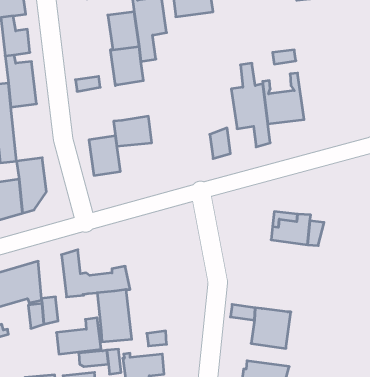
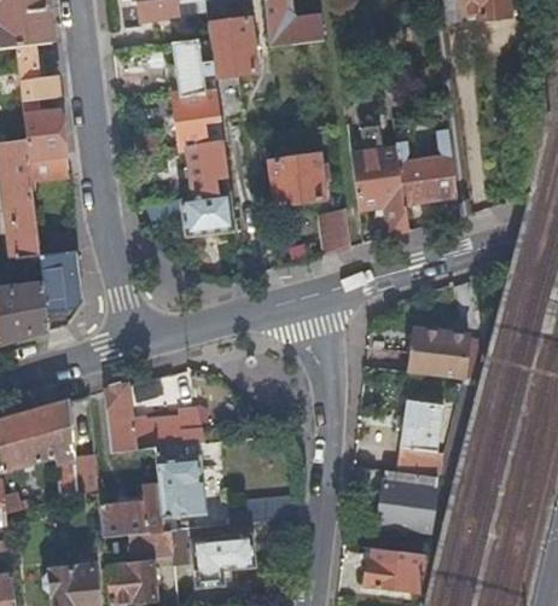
building: none -> [271,152,325,203]
building: [89,136,120,175] -> [185,138,231,196]
building: none -> [396,398,443,474]

